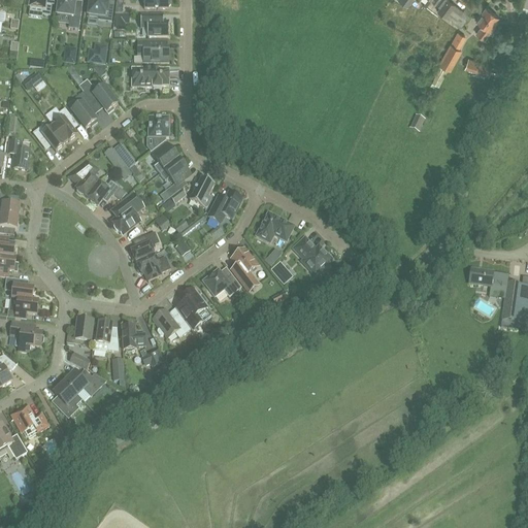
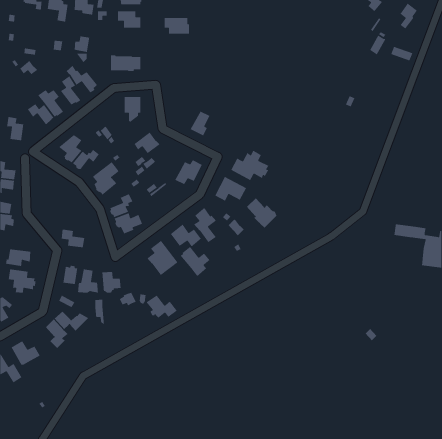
building: [137,39,168,60] -> [164,17,190,35]
building: [151,140,178,171] -> none
building: [189,175,213,206] -> [190,110,210,136]
building: none -> [230,149,270,181]
building: [4,275,37,299] -> [61,229,89,249]
building: none -> [180,246,210,277]
building: [152,307,190,336] -> [146,294,178,319]

